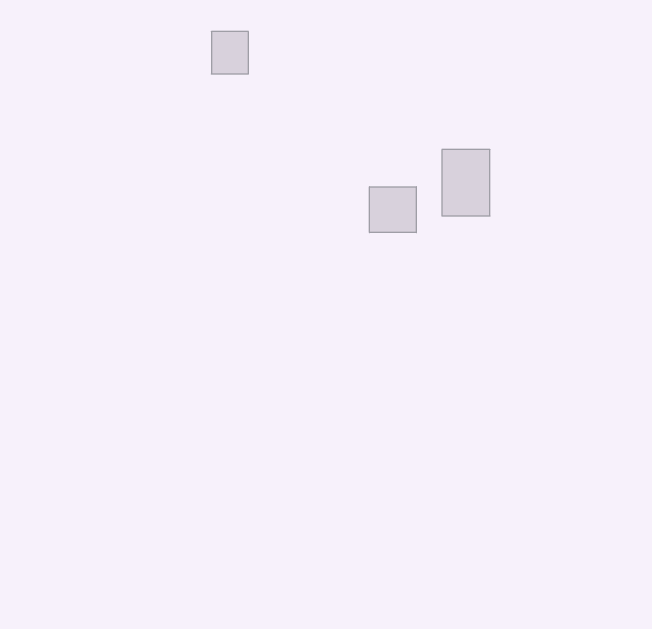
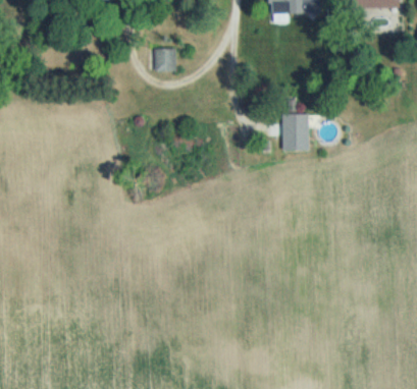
building: [370,187,416,233] -> none

